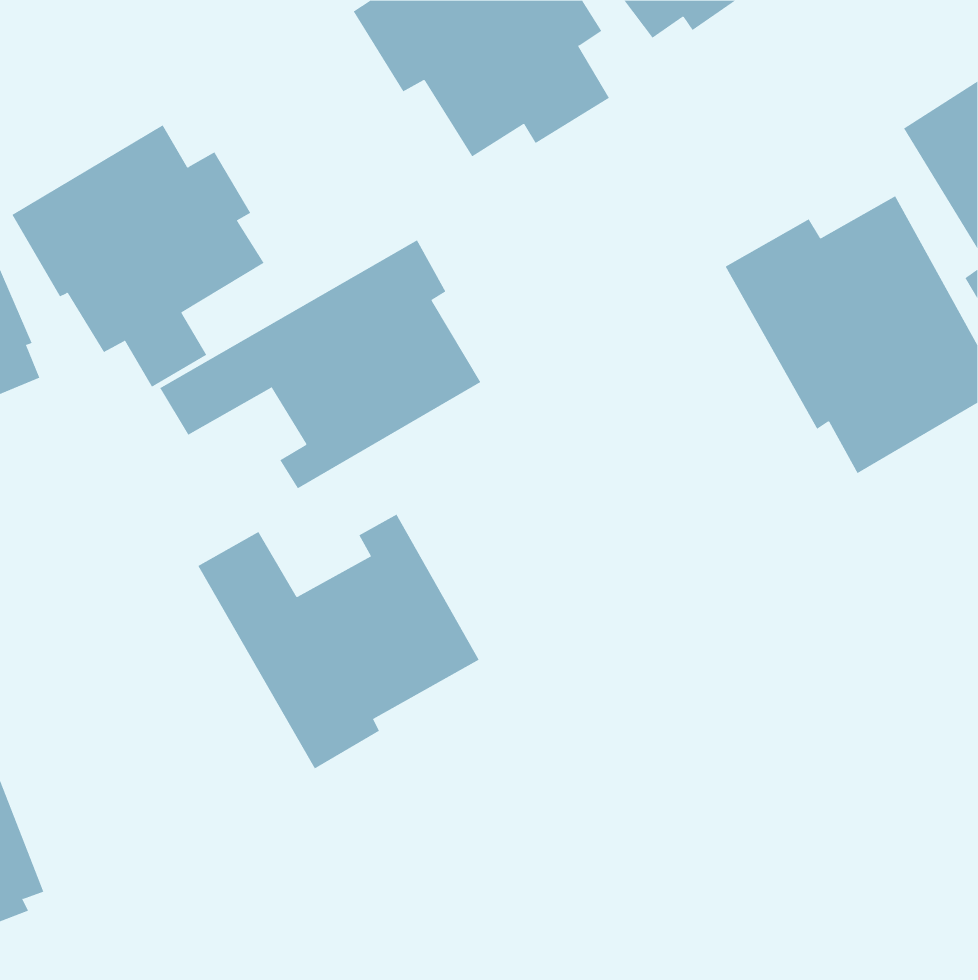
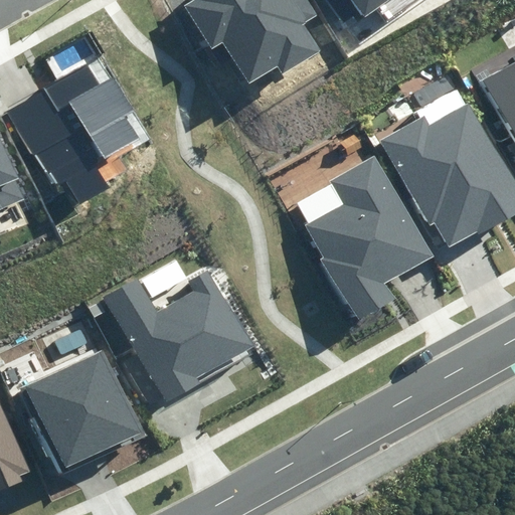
building: [160,240,481,489] -> none
building: none -> [306,154,434,321]
building: none -> [24,350,143,474]

